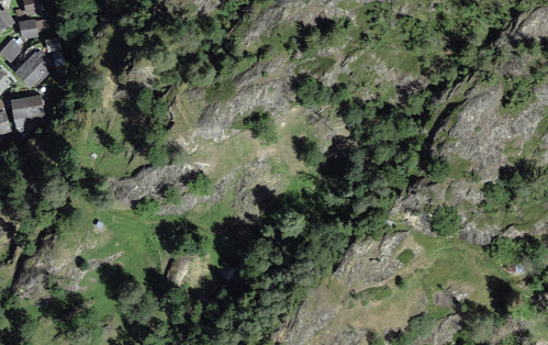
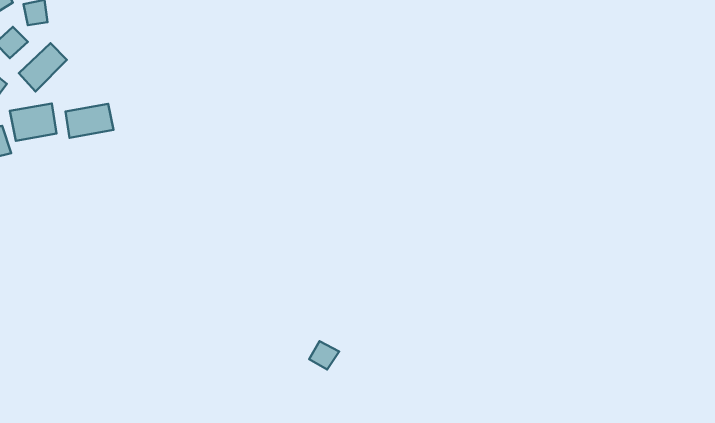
building: none -> [65,104,114,138]

